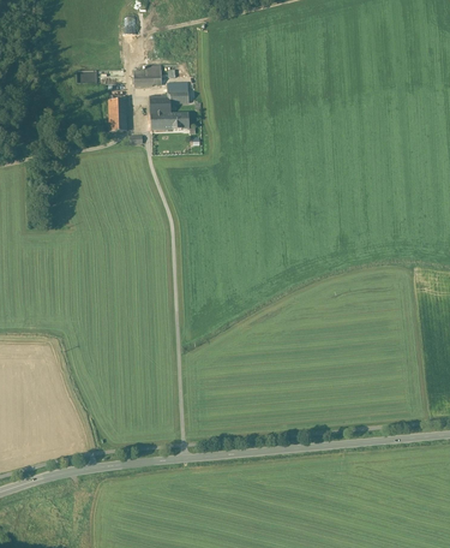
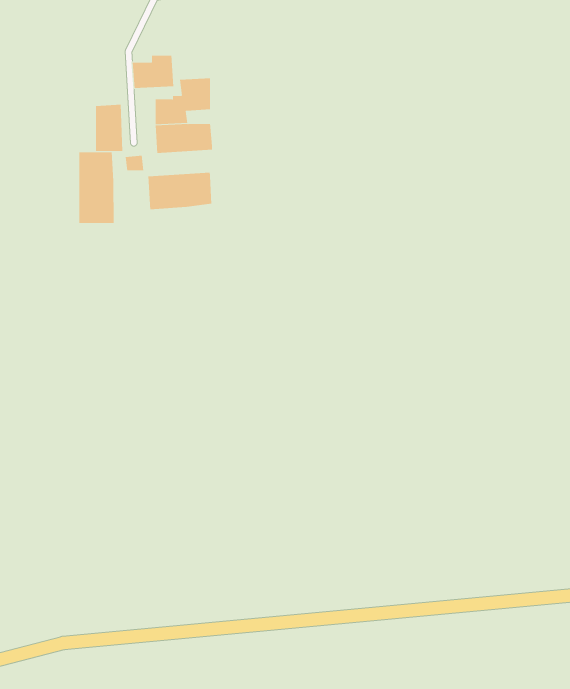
building: none -> [79,151,114,224]
building: none -> [148,172,212,210]

